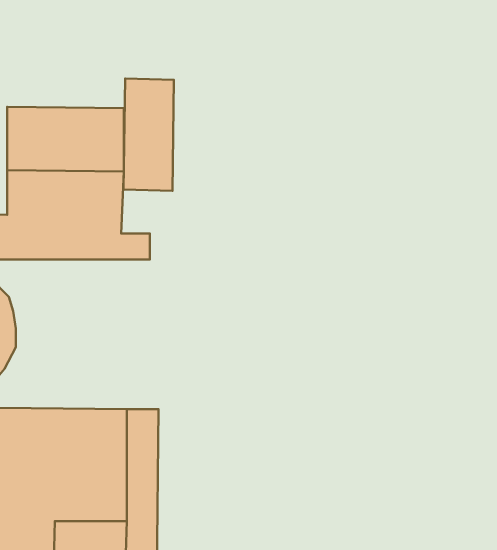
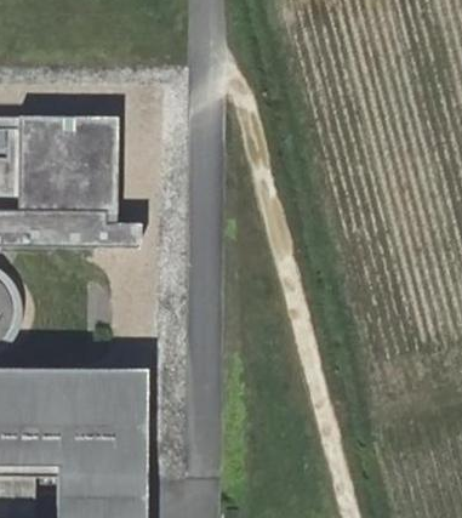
building: [124,78,174,191] -> none

